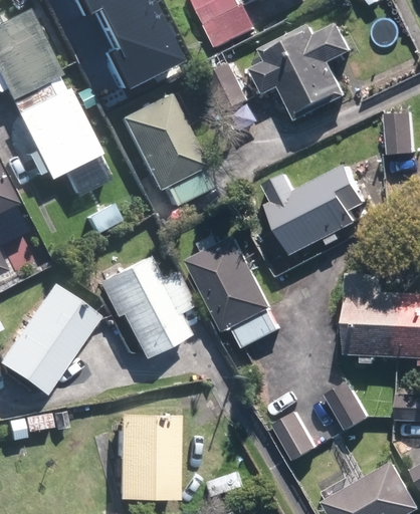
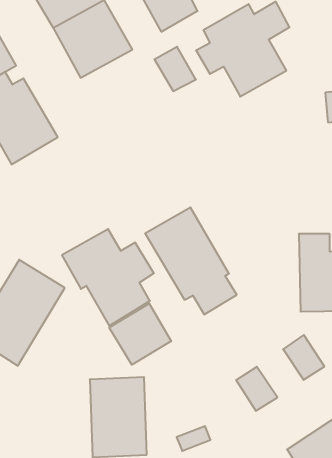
building: [119,92,209,205] -> none
building: [265,167,368,256] -> none
building: none -> [109,303,171,365]

